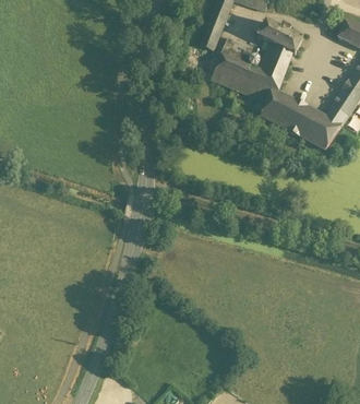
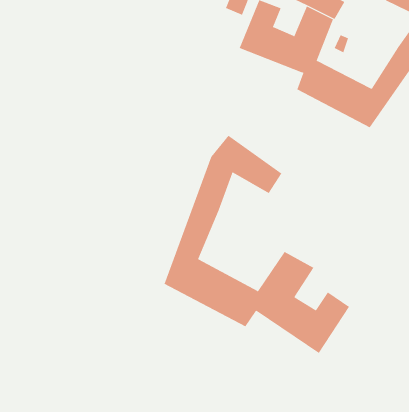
building: none -> [164,135,350,354]

